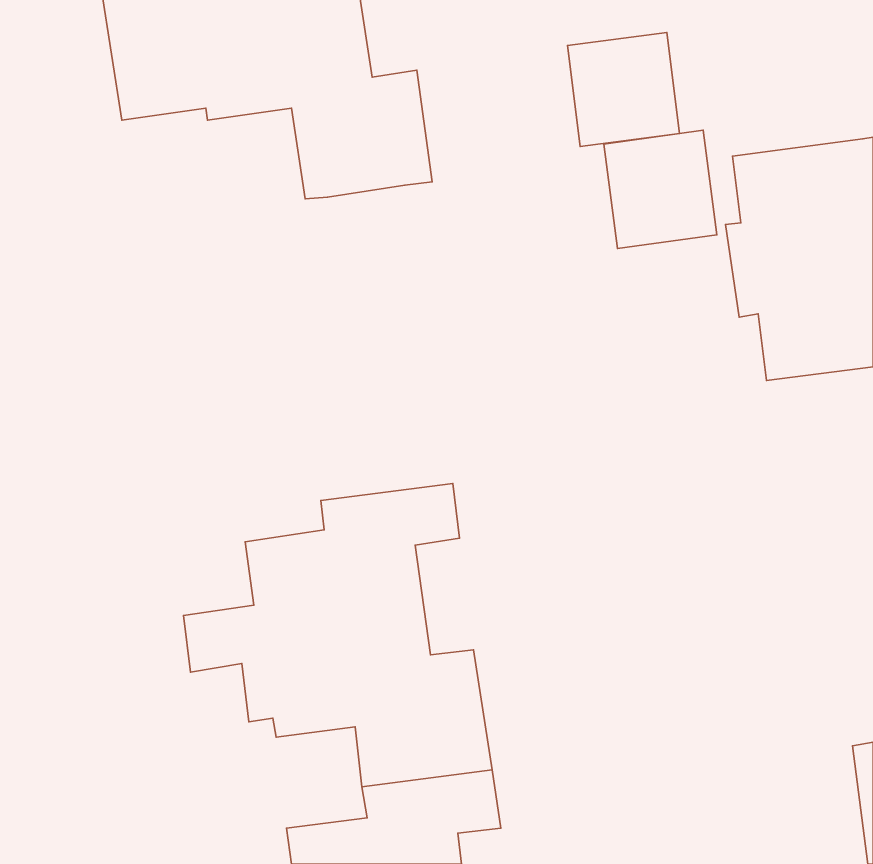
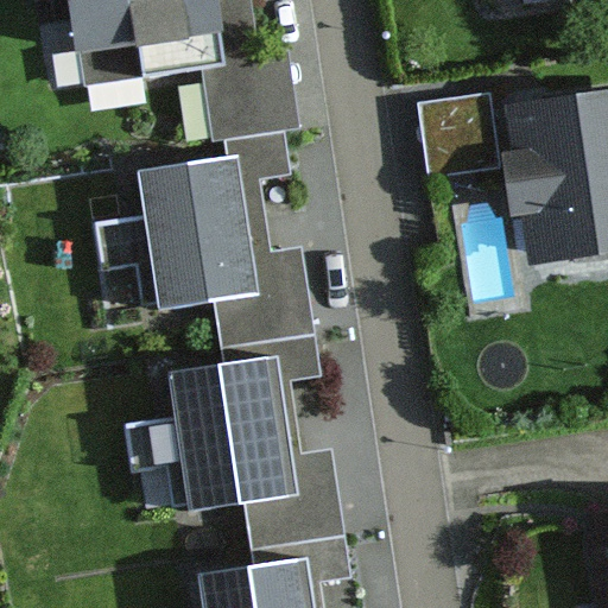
building: [568,33,680,147] -> none
building: none -> [93,128,314,347]

